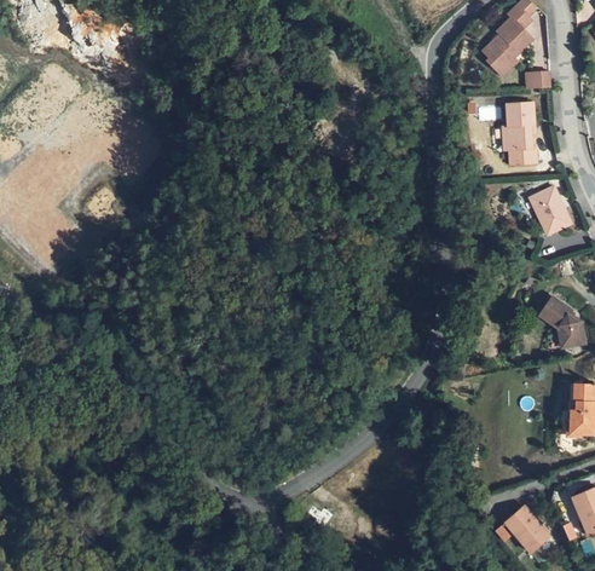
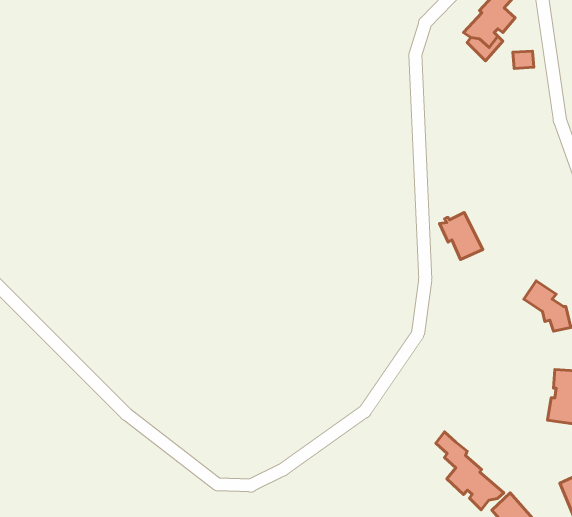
building: [504,105,538,166] -> none
building: [528,188,571,233] -> [440,213,483,259]
building: none -> [436,432,504,510]

